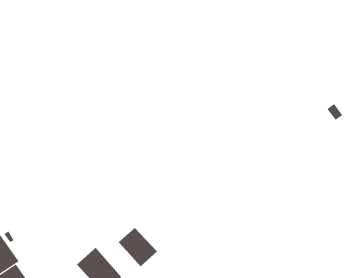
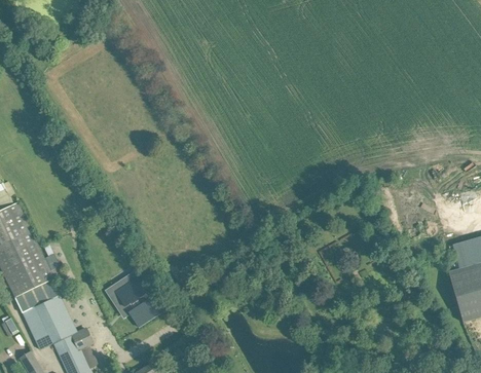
building: [118,227,158,267] -> none

